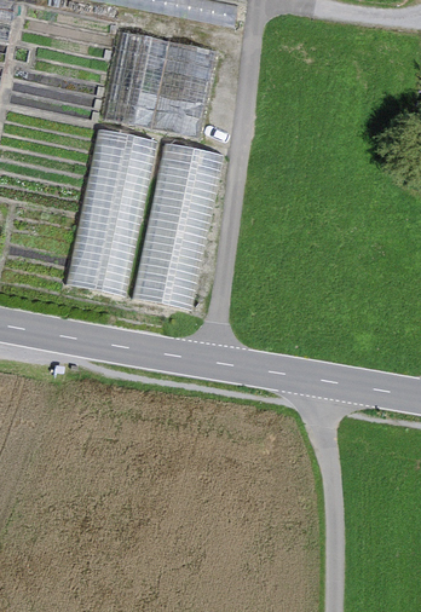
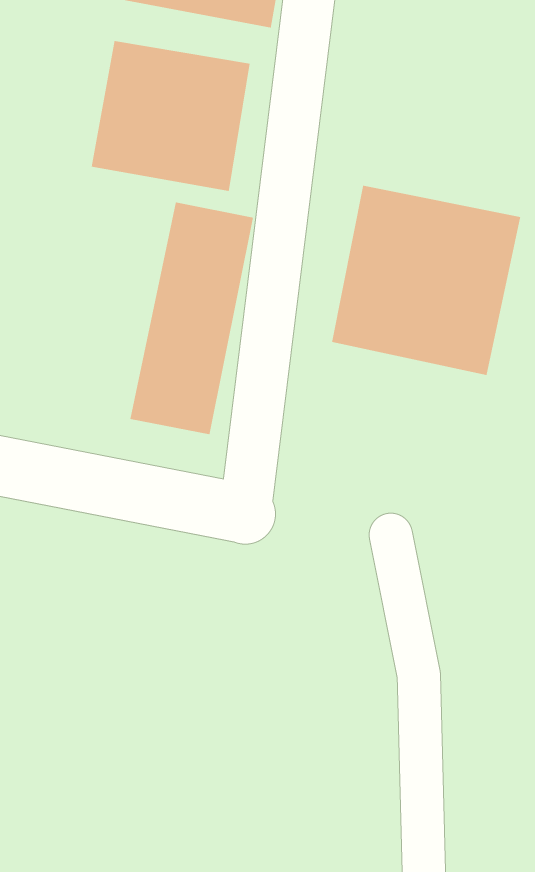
building: [67,127,154,290] -> none
building: none -> [331,185,521,376]

